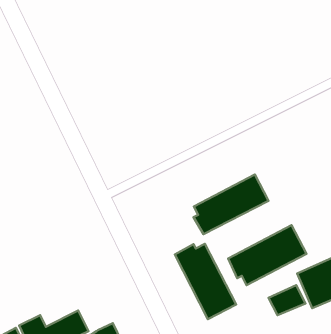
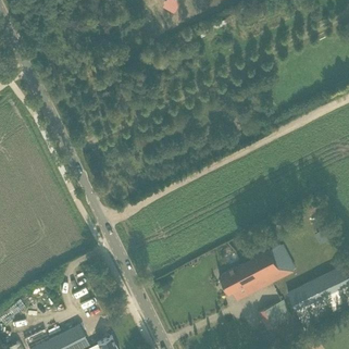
building: [194,175,269,234] -> none
building: [175,244,236,319] -> none

